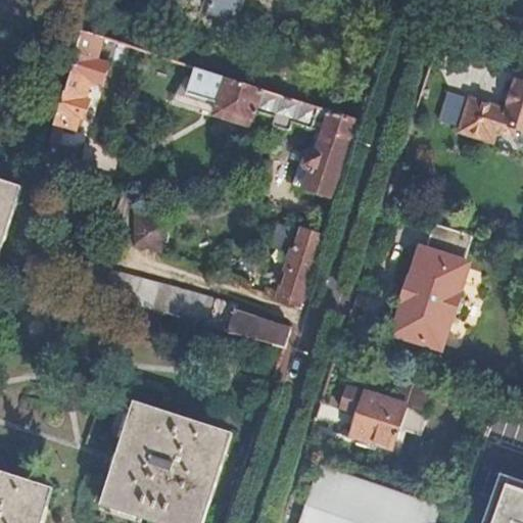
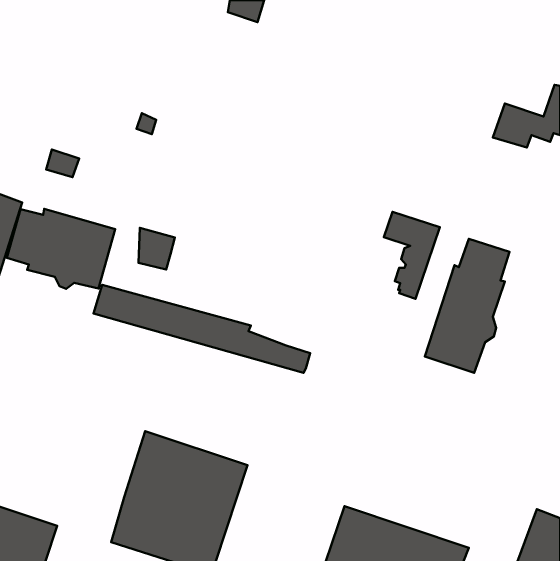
building: [54,32,103,126] -> none
building: [179,64,355,196] -> none
building: none -> [7,209,115,289]
building: [267,222,319,302] -> [384,212,440,299]
building: [341,380,435,448] -> none

